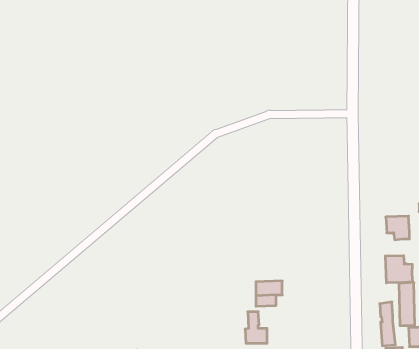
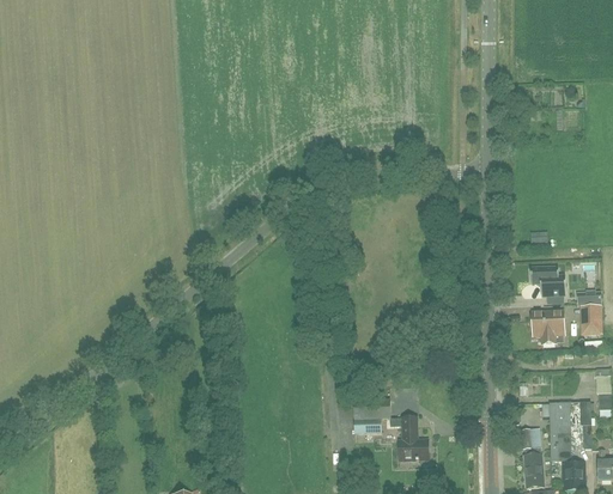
building: none -> [532,267,566,295]
building: [385,256,413,283] -> none
building: [245,312,267,343] -> [399,417,429,461]

